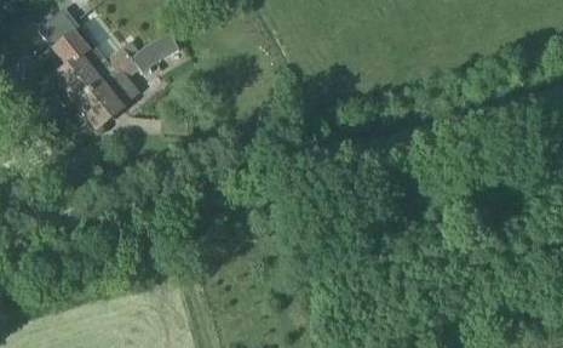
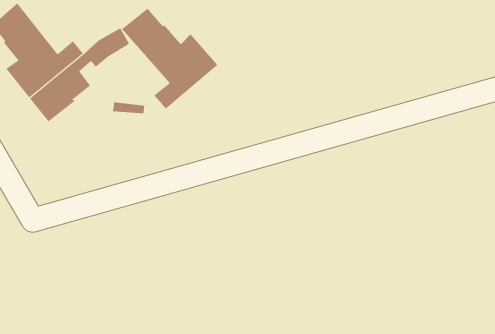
building: none -> [121,8,218,109]

